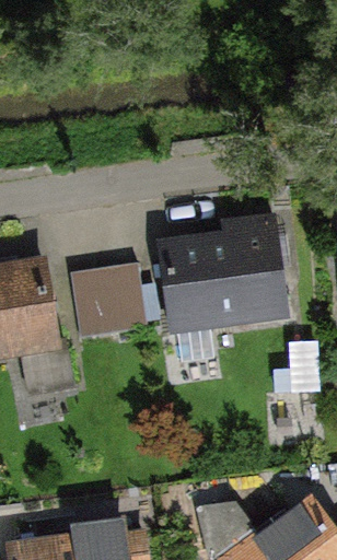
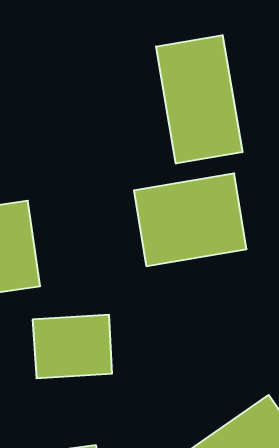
building: none -> [156,35,242,164]
building: [72,259,164,332] -> [33,315,112,378]

